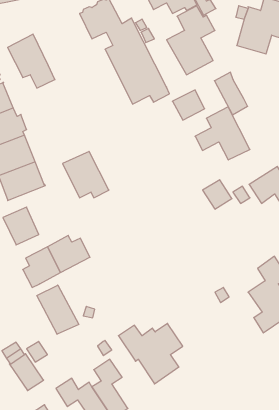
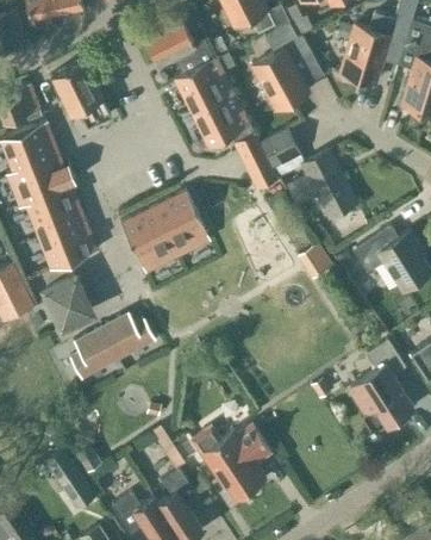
building: [214,72,248,115] -> [235,136,276,190]
building: none -> [154,192,207,257]
building: [37,285,79,334] -> none

